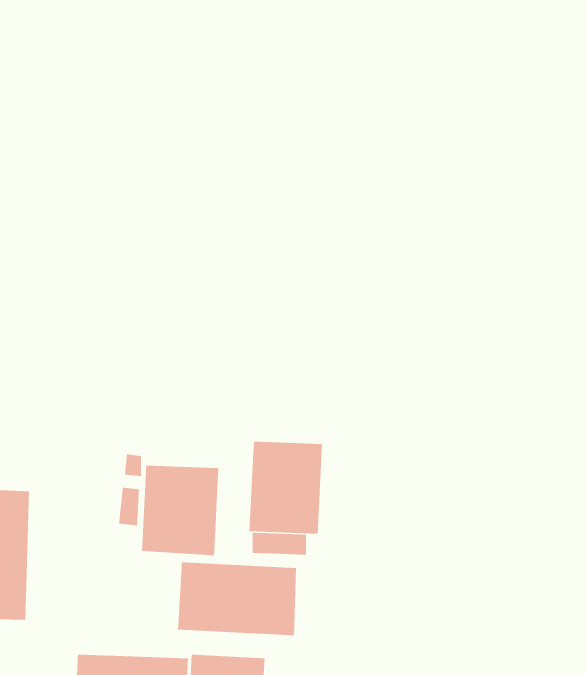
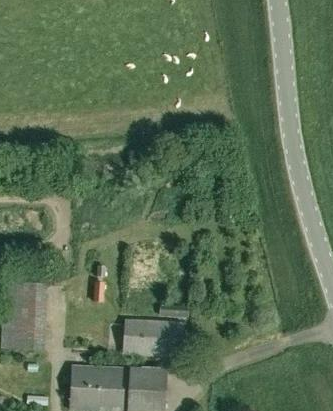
building: [249,441,323,534] -> none
building: [141,465,219,556] -> none

